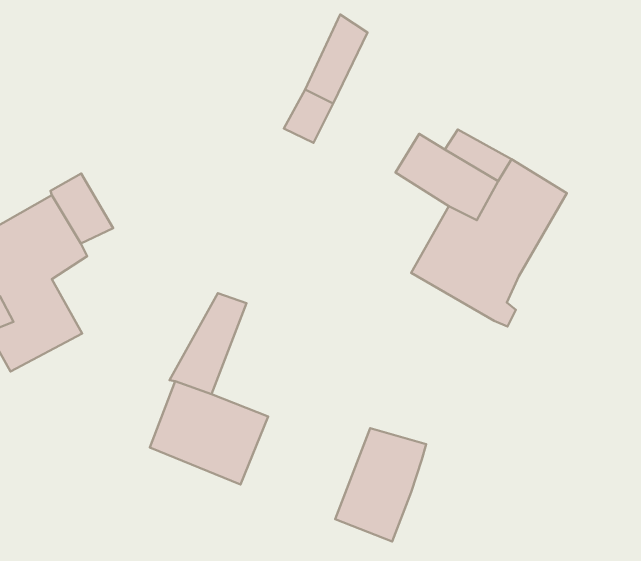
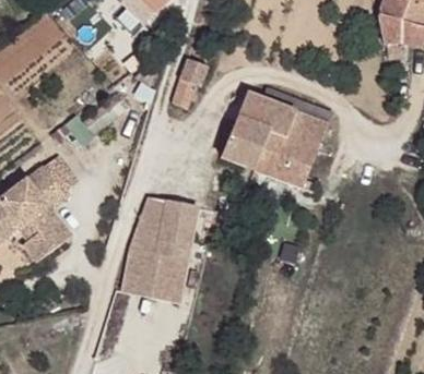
building: none -> [221,119,268,172]
building: [335,428,426,541] -> [153,202,197,262]

